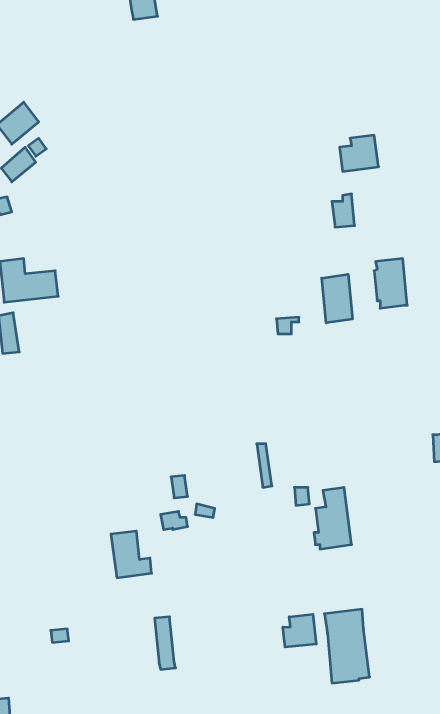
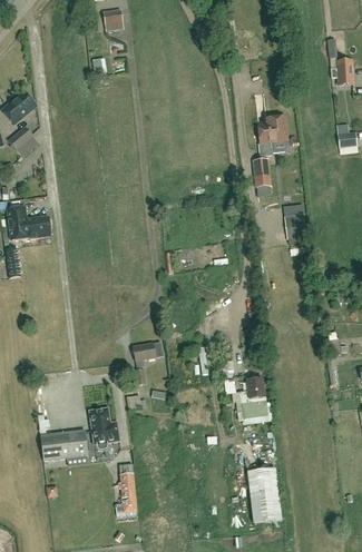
building: [322,274,352,323] -> none
building: none -> [133,342,163,366]
building: none -> [40,428,88,461]
building: [283,614,316,647] -> none

